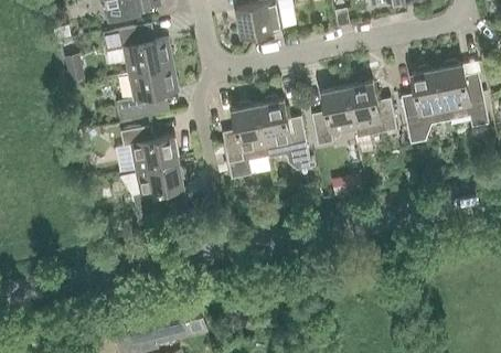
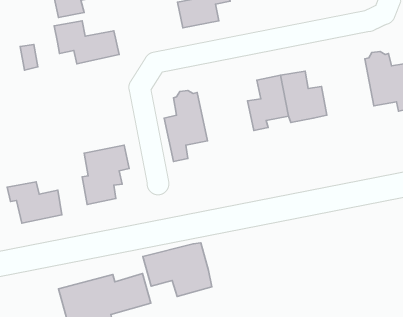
building: [117,64,179,120] -> none
building: [401,66,447,141] -> none
building: [257,97,310,168] -> none
building: [120,126,179,170] -> [7,182,62,223]
building: none -> [143,243,212,296]

